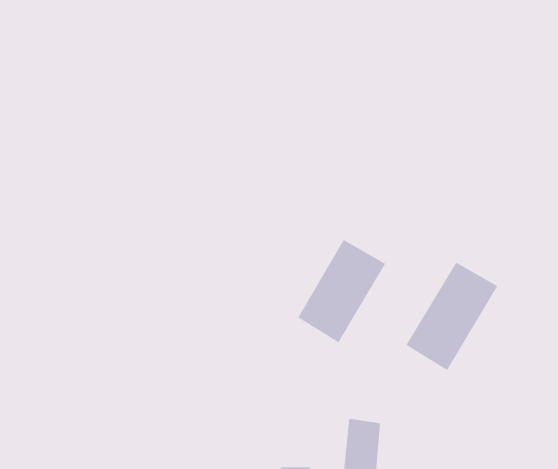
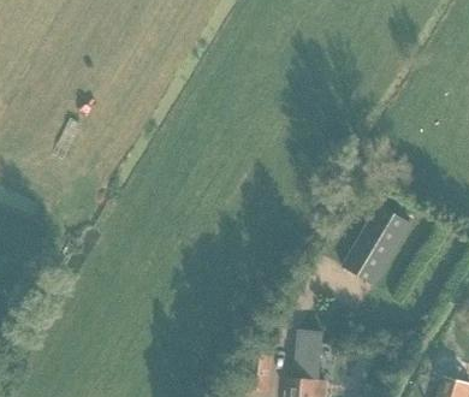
building: [297,239,386,343] -> none

